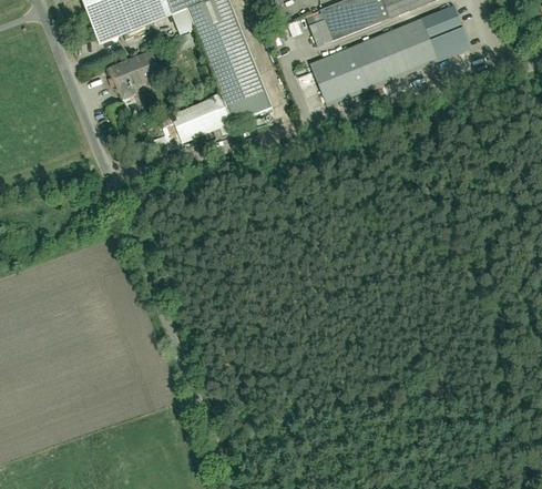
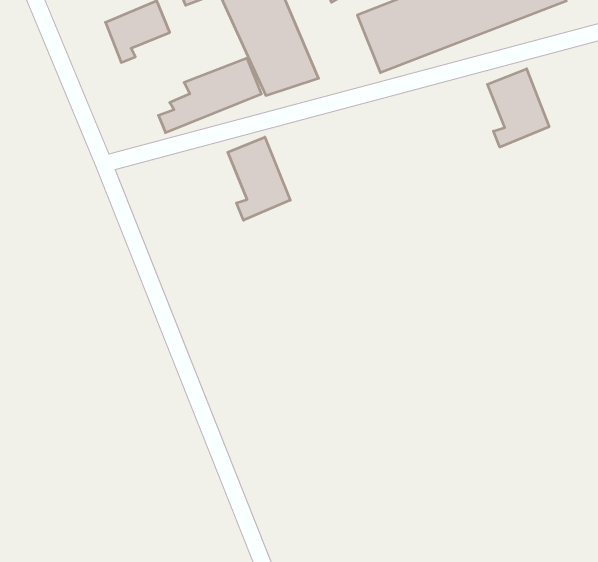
building: none -> [487,69,549,147]
building: none -> [228,137,290,220]

